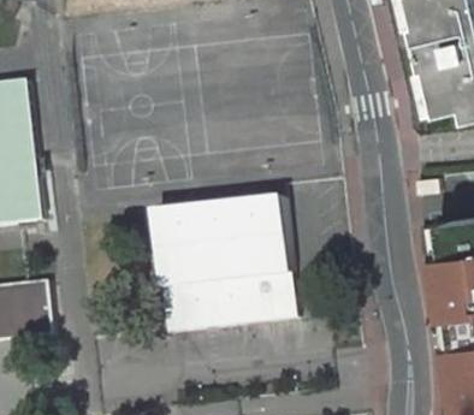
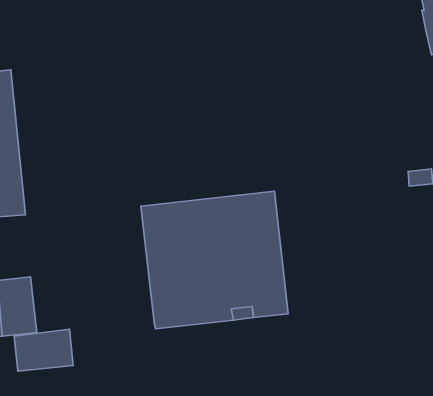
building: none -> [14,329,73,371]

